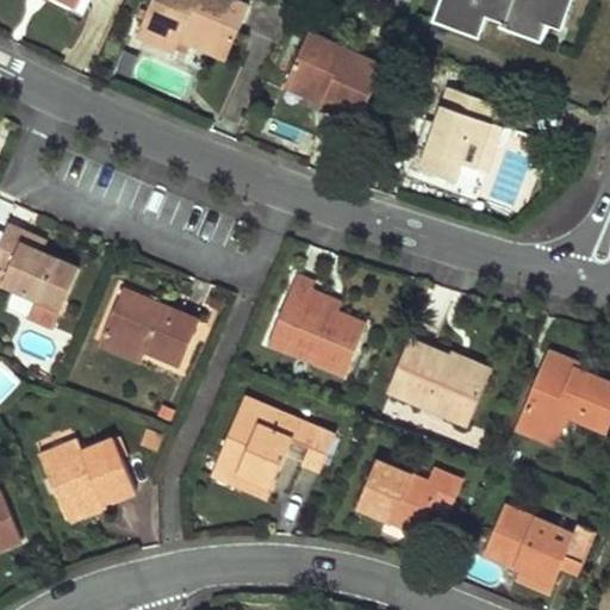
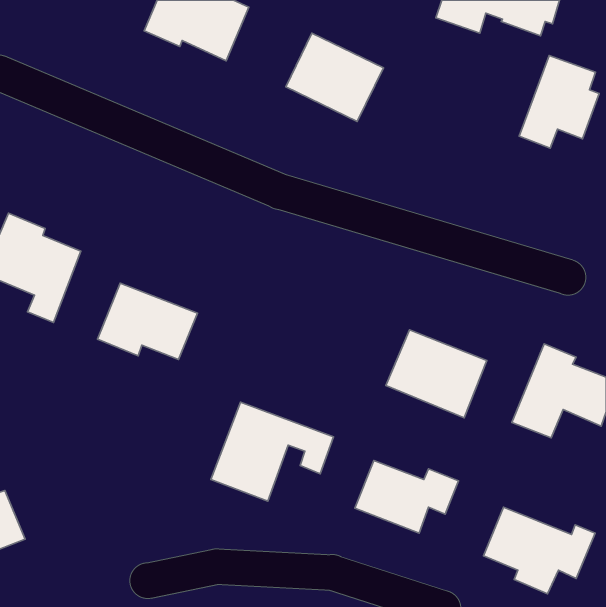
building: [418,87,498,180] -> [519,55,599,148]
building: [264,276,365,372] -> none
building: [41,447,139,531] -> none

